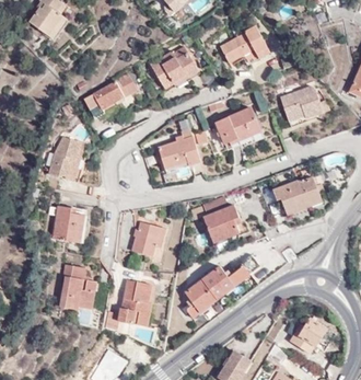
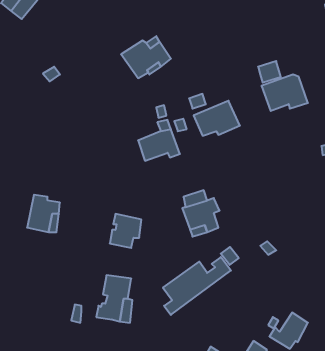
building: [218,27,268,67] -> none
building: [83,74,138,118] -> none
building: [51,137,81,180] -> none
building: [272,176,325,215] -> none
building: [61,264,97,309] -> none

